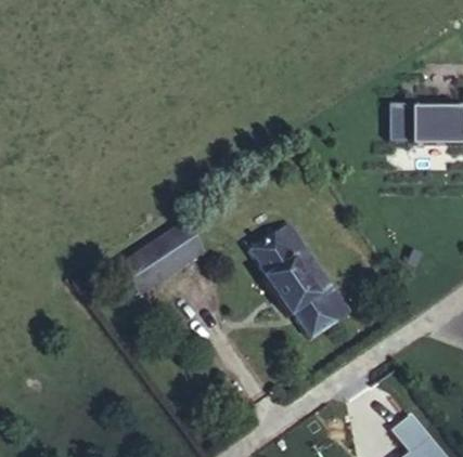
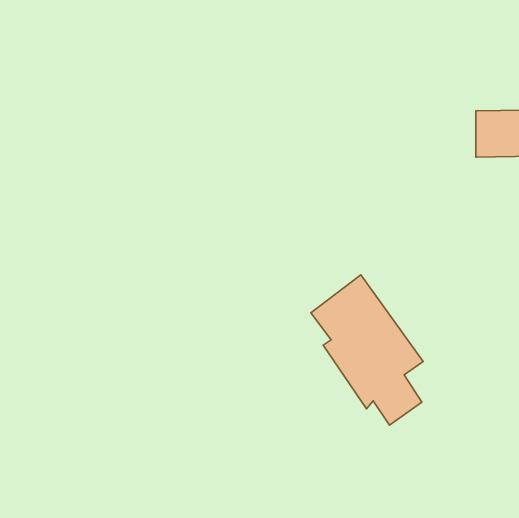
building: [126,234,201,299] -> none

